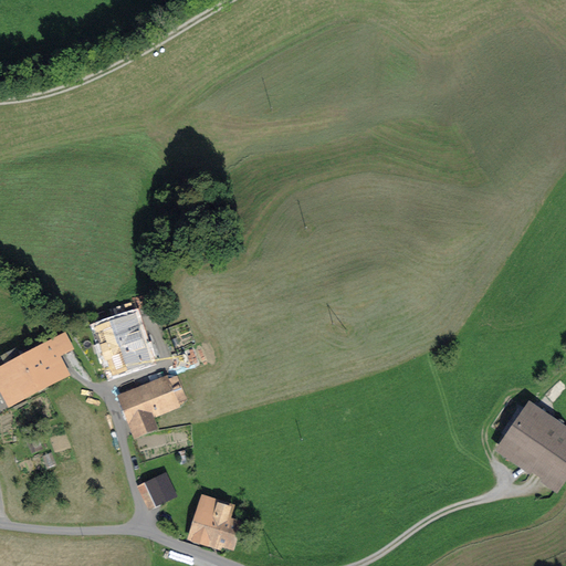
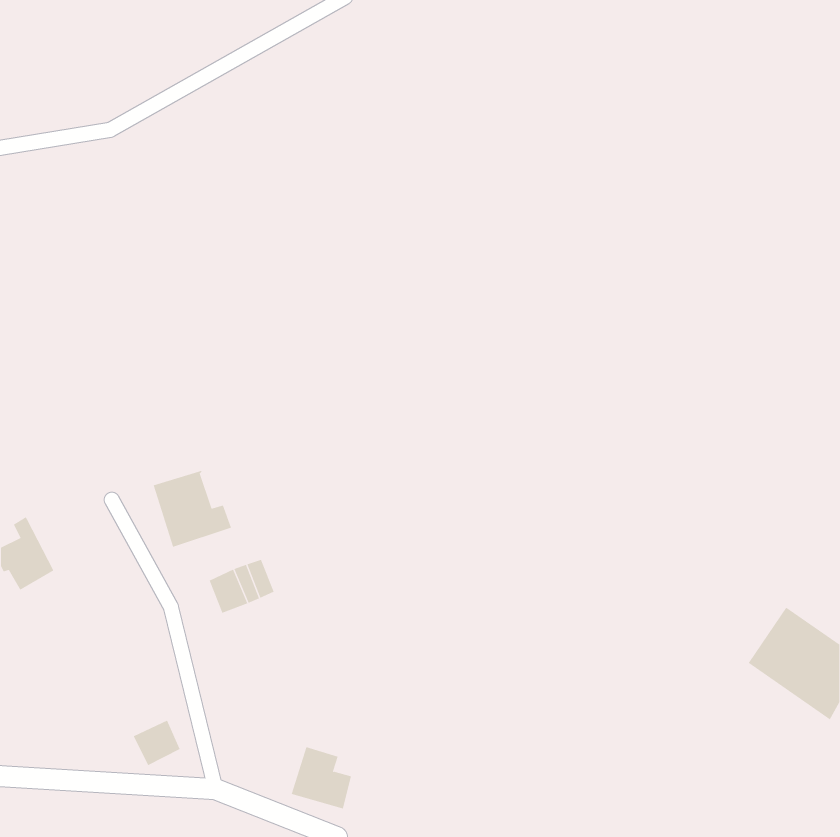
building: [19,332,71,384] -> none
building: [123,390,155,431] -> none
building: [140,474,172,505] -> [133,720,181,766]

